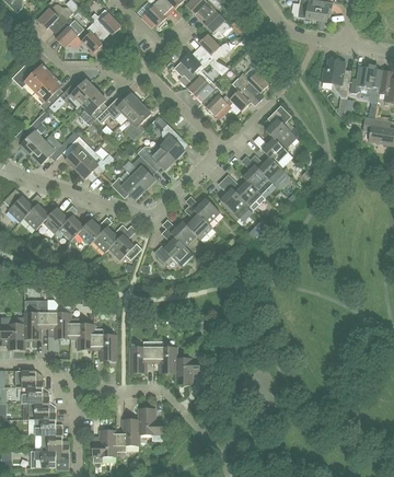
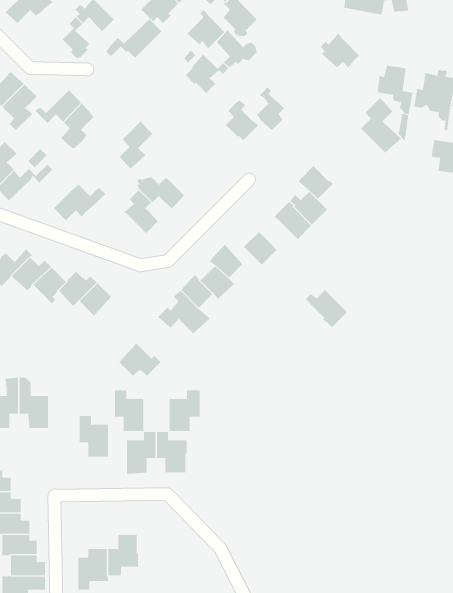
building: [54,16,83,47] -> none
building: [237,66,268,93] -> [320,32,360,68]
building: [186,69,216,100] -> [187,9,225,49]
building: [96,93,140,124] -> [105,18,162,59]
building: [265,105,297,149] -> [360,97,402,154]
building: [160,123,184,160] -> none
building: [63,136,93,170] -> none
building: [109,171,144,199] -> none
building: [231,179,264,209] -> [305,289,348,328]
building: [108,233,141,259] -> [119,342,161,376]
building: [70,317,93,349] -> [114,390,144,431]
building: [175,351,199,383] -> [169,390,200,431]
building: [138,408,162,440] -> none

